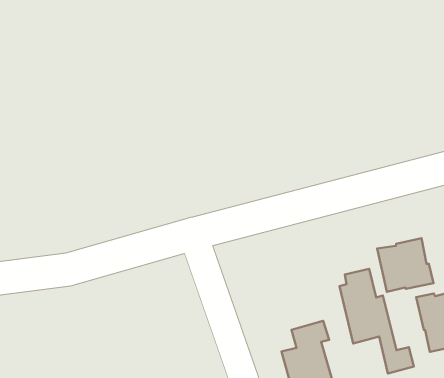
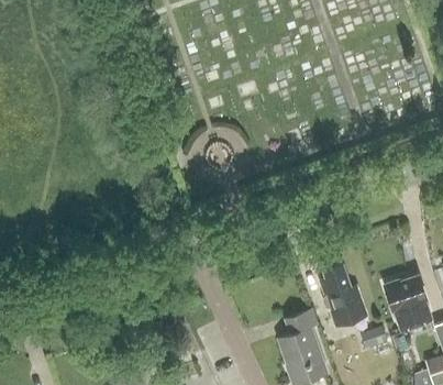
building: [377,238,433,292] -> none

